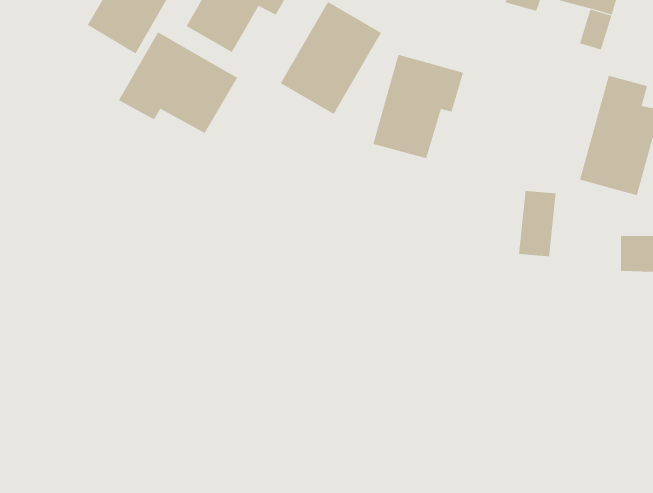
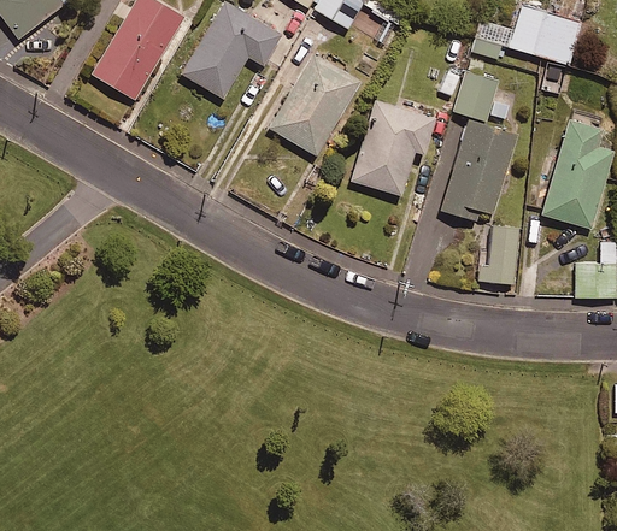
building: none -> [441,69,518,224]
building: [118,31,238,134] -> none

